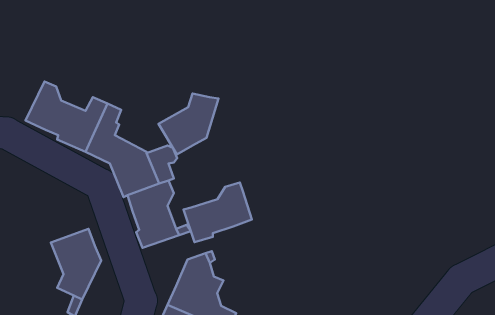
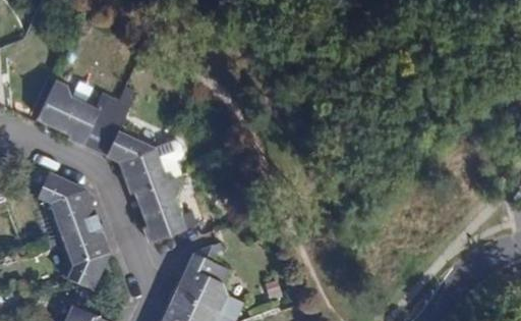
building: [159,94,218,155] -> none
building: none -> [37,172,98,235]
building: [183,183,252,242] -> none

